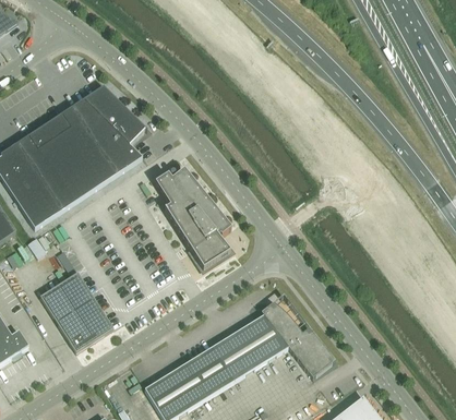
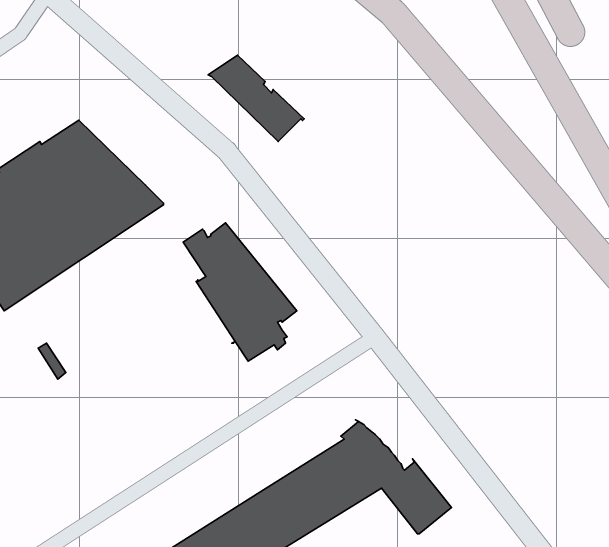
building: [82,86,146,144] -> [208,55,304,142]
building: [39,273,111,351] -> none

